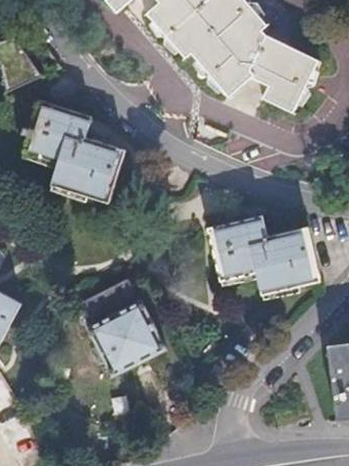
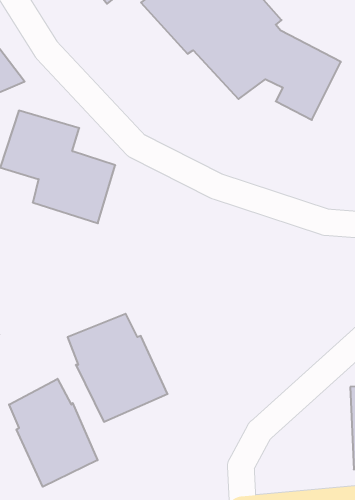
building: [207,216,319,293] -> none
building: none -> [9,379,98,487]

